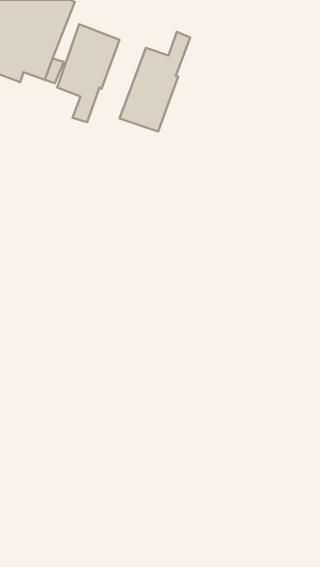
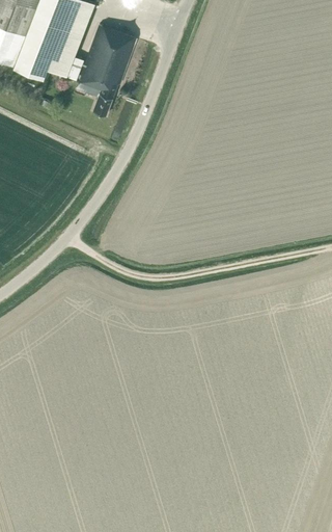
building: [119,32,190,131] -> none

